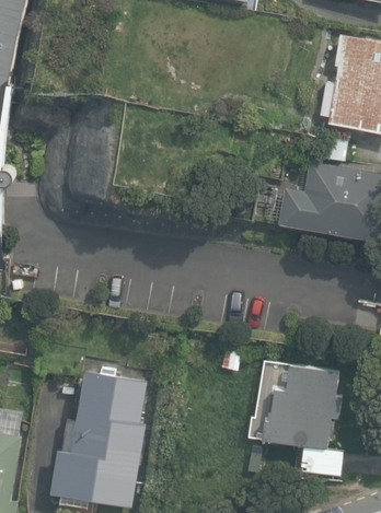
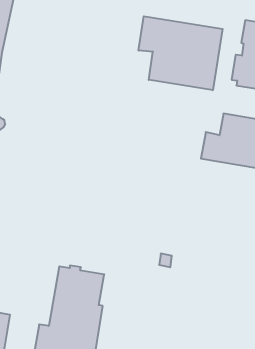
building: none -> [139,16,223,90]
building: [247,362,343,477] -> none

